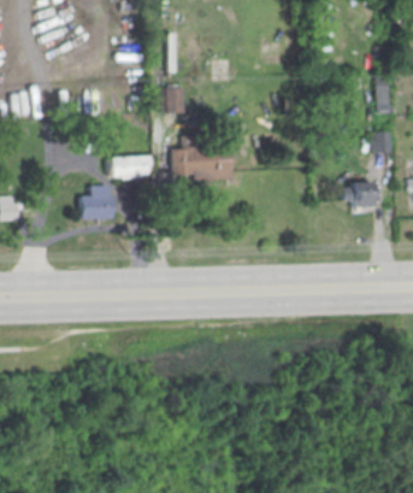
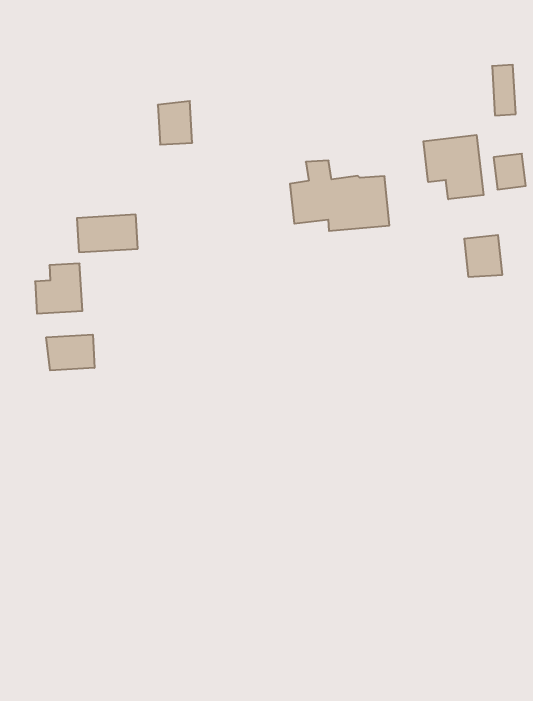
building: none -> [423,135,484,199]
building: [171,137,232,182] -> [290,161,389,231]
building: none -> [46,335,94,370]

